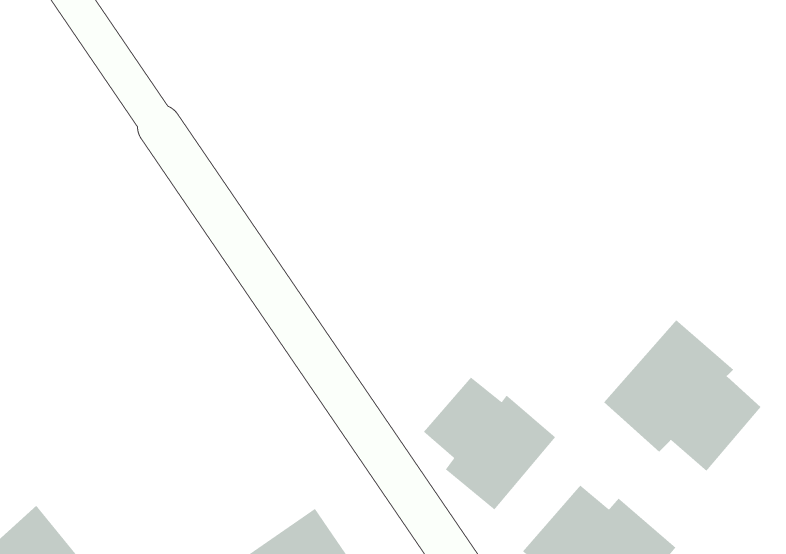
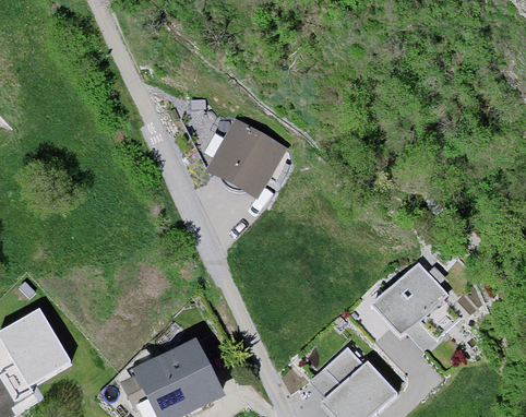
building: none -> [207,130,278,201]
building: [423,377,556,510] -> none

